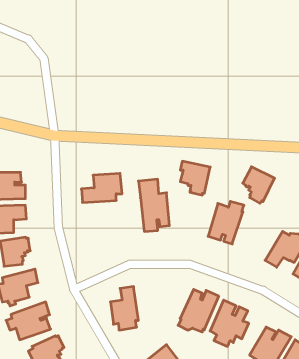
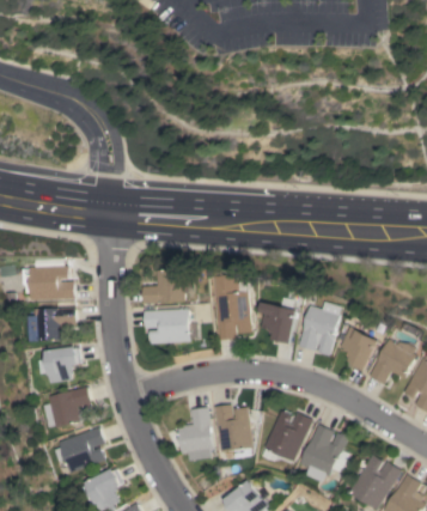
building: [180,161,210,195] -> [261,302,298,343]
building: [243,167,275,203] -> [341,326,380,371]
building: none -> [144,308,191,342]
building: none -> [214,403,252,458]

